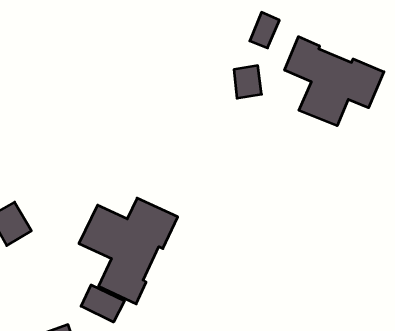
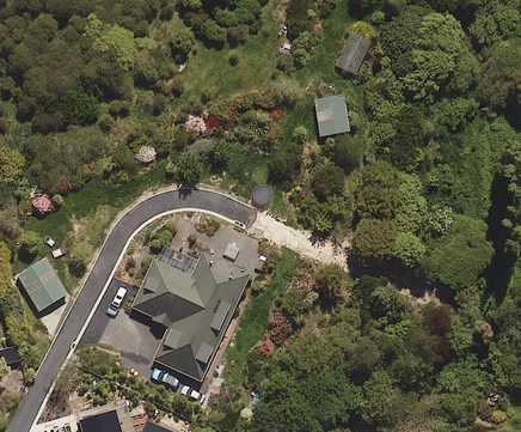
building: [285,37,384,126] -> none
building: [81,285,124,322] -> none

